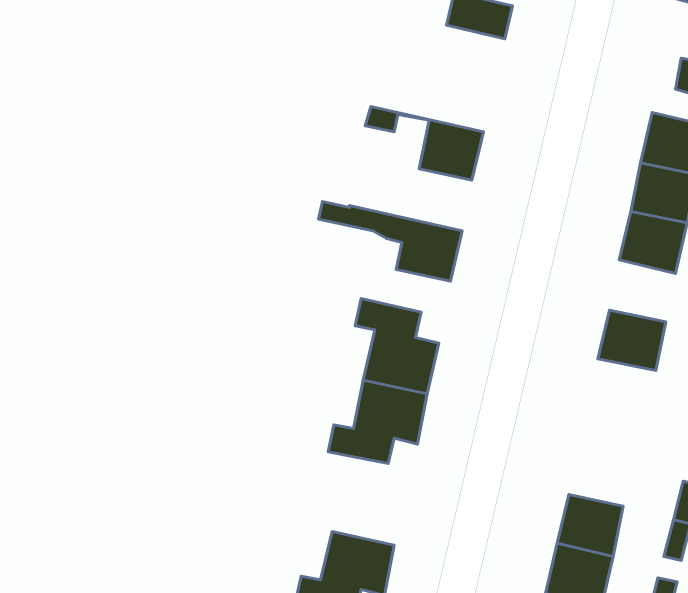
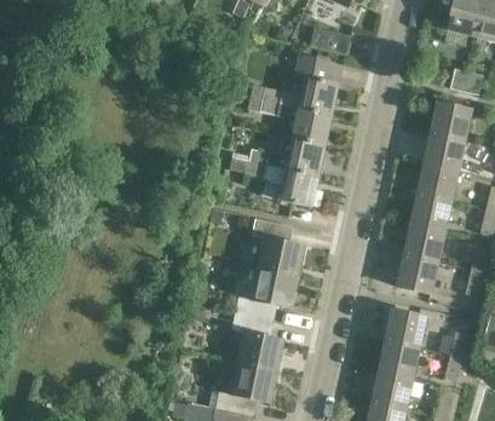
building: none -> [261,53,338,114]
building: none -> [248,137,324,175]
building: none -> [410,194,451,232]
building: none -> [397,255,439,293]
building: none -> [385,310,426,347]
building: none -> [231,313,283,371]

